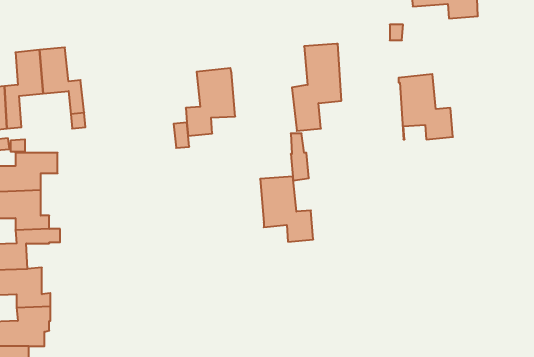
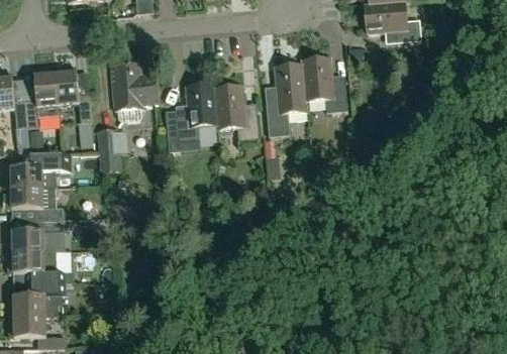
building: none -> [110,62,158,109]
building: [399,74,453,139] -> [302,56,347,111]
building: none -> [96,128,127,171]
building: [260,176,313,242] -> [214,86,259,140]

